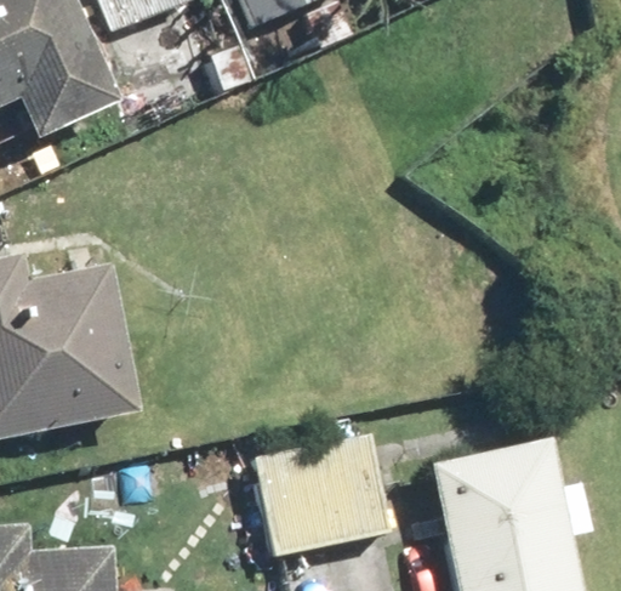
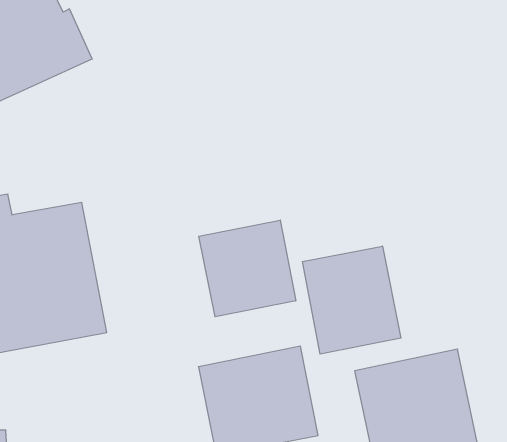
building: none -> [199,220,296,317]
building: none -> [302,246,401,354]

